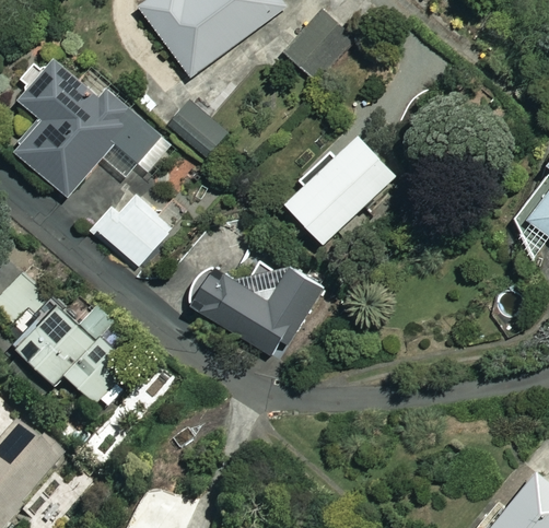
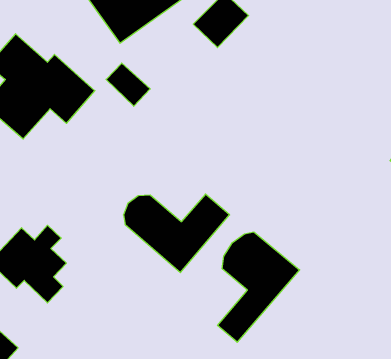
building: [288,138,399,246] -> none
building: [101,197,170,266] -> none
building: none -> [218,232,300,342]

